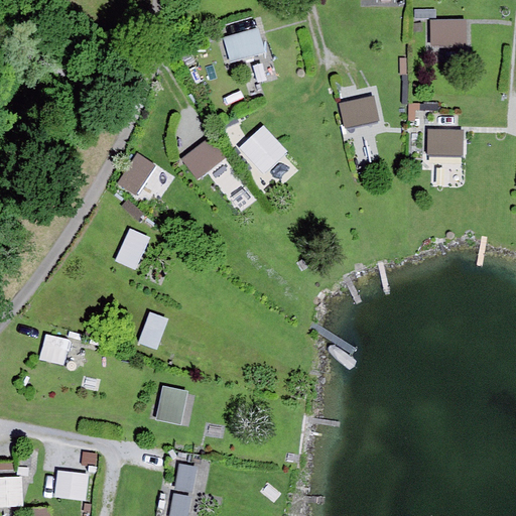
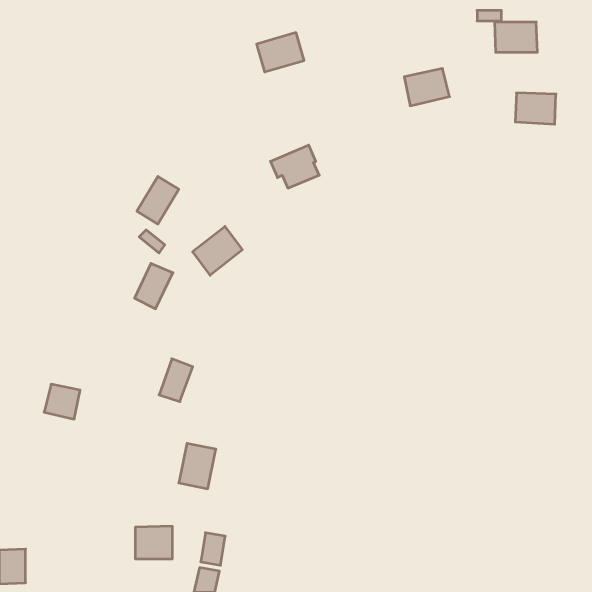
building: [339,96,378,128] -> [404,69,450,106]
building: [427,129,463,156] -> [515,93,556,124]
building: [181,136,225,178] -> [193,226,242,275]
building: [56,470,89,498] -> [135,526,172,559]

